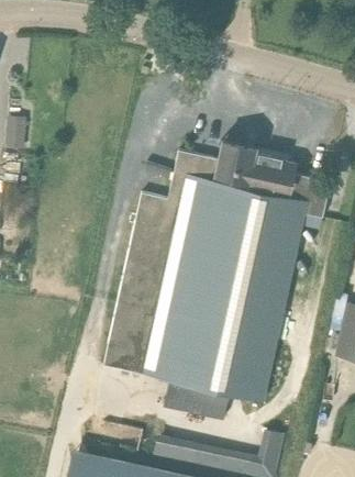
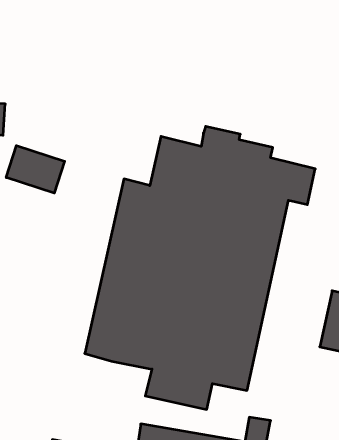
building: none -> [6,146,65,193]

